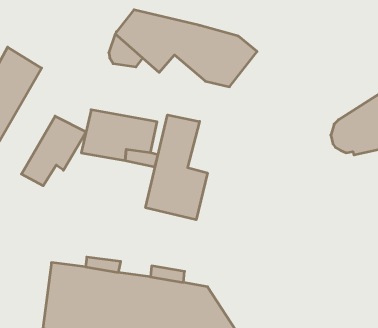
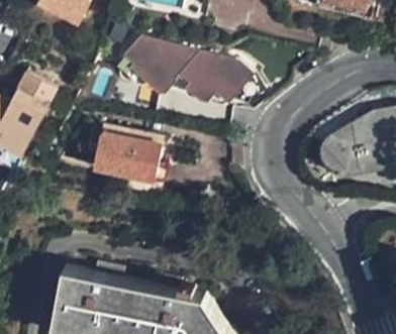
building: [146,115,207,220] -> none
building: [21,116,86,186] -> none

